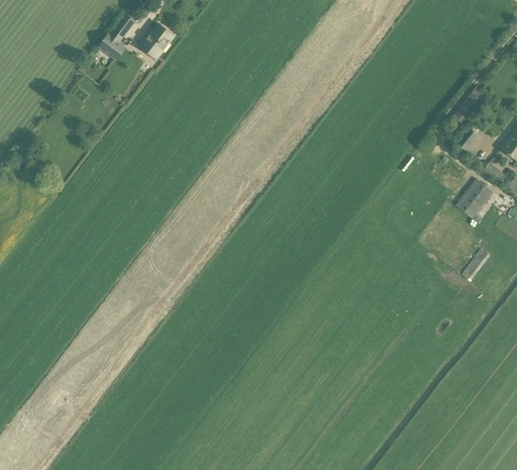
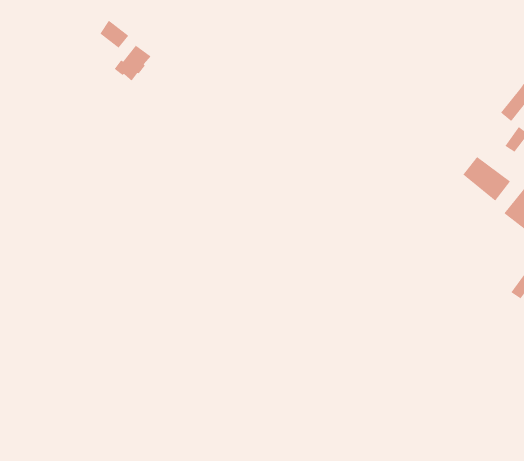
building: [138,23,172,56] -> [114,45,151,82]
building: none -> [462,156,511,201]

